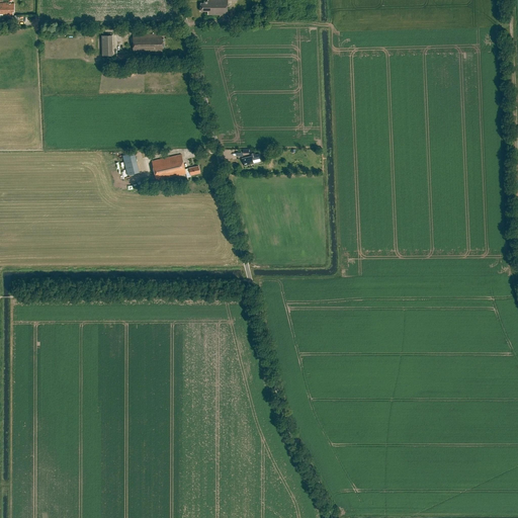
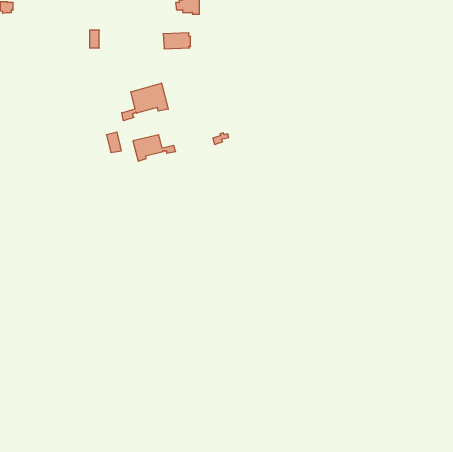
building: [133,33,164,52] -> [163,33,191,49]
building: none -> [122,83,168,121]

